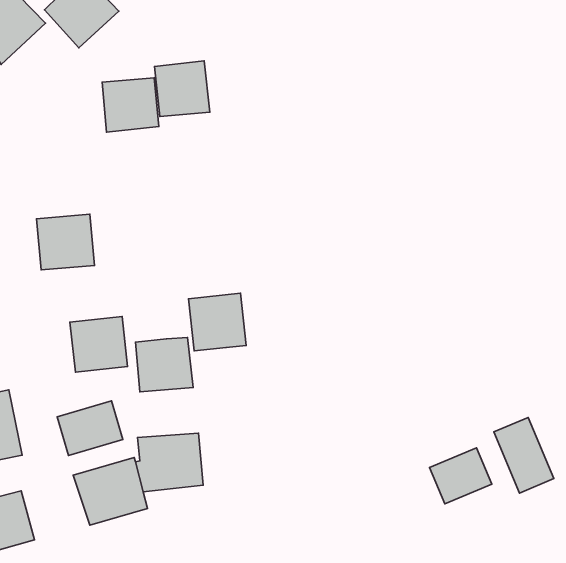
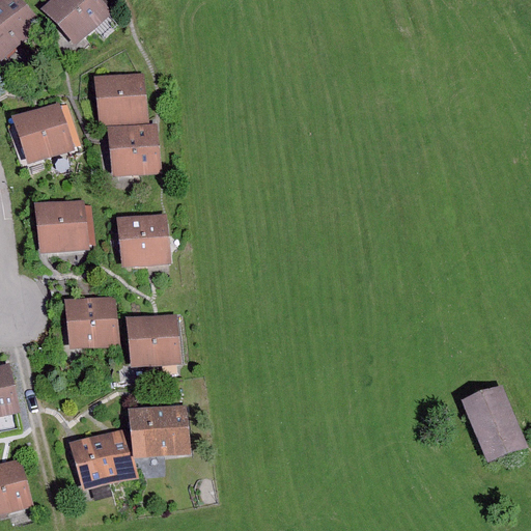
building: [154,61,210,117] -> [110,124,162,176]
building: none -> [12,102,74,164]
building: [188,293,246,351] -> [118,214,172,268]
building: [57,401,123,455] -> none
building: [430,448,492,504] -> none

